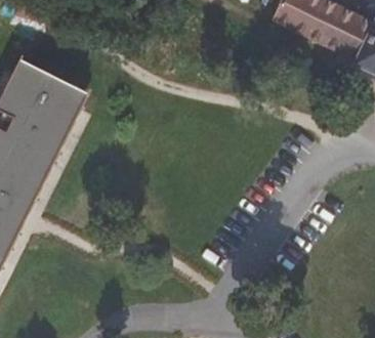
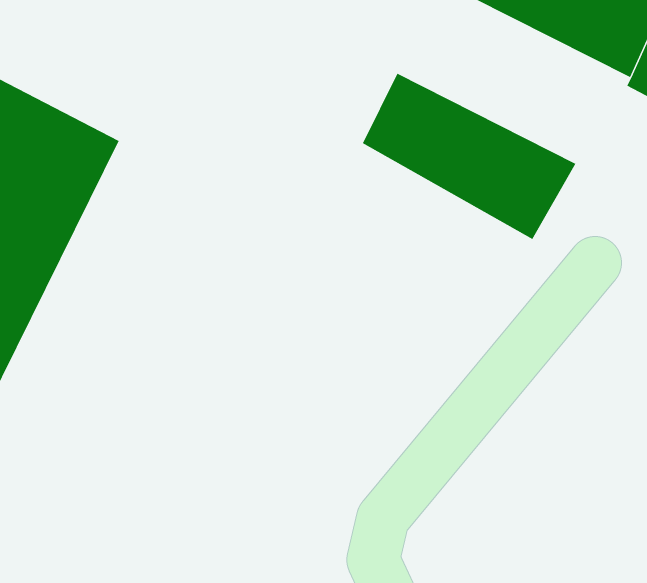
building: none -> [362,73,576,240]

